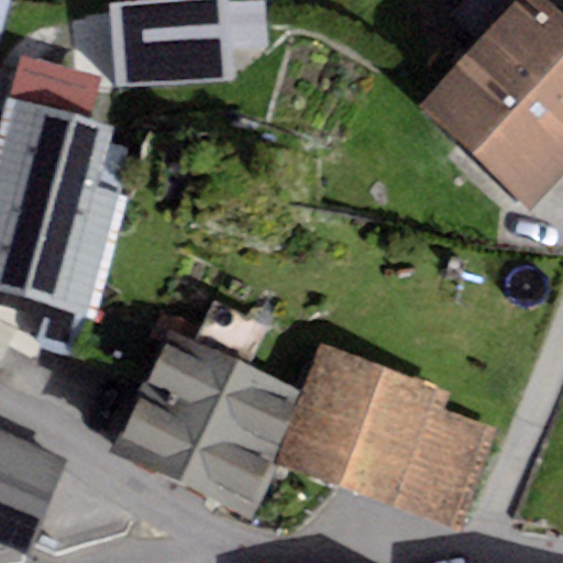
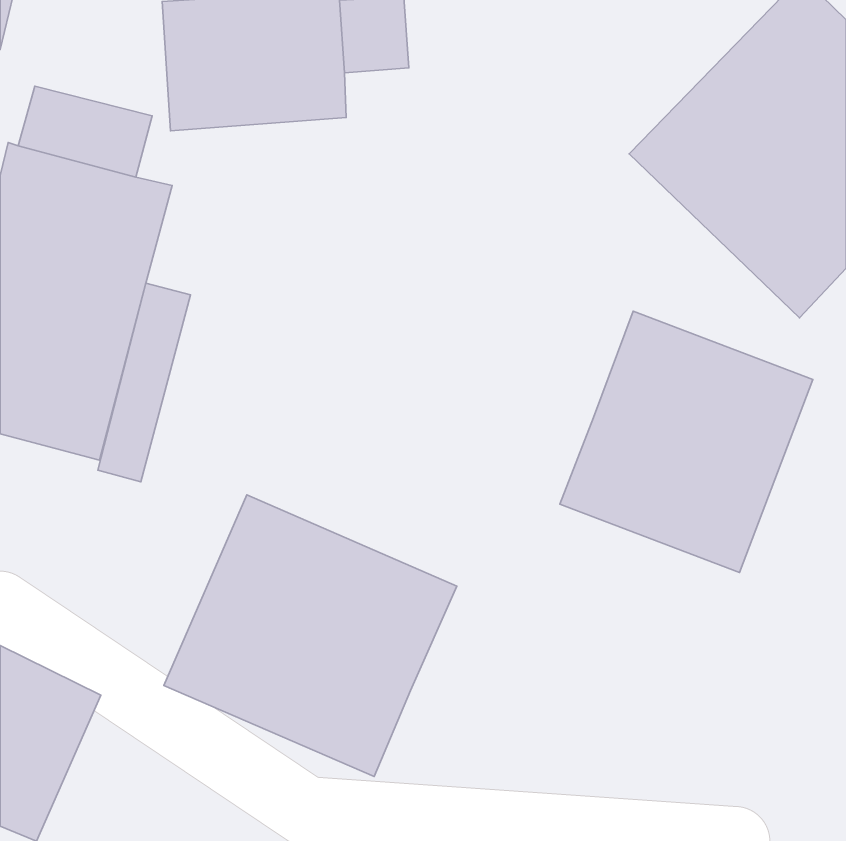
building: none -> [560,311,813,573]
building: [273,338,499,530] -> none

